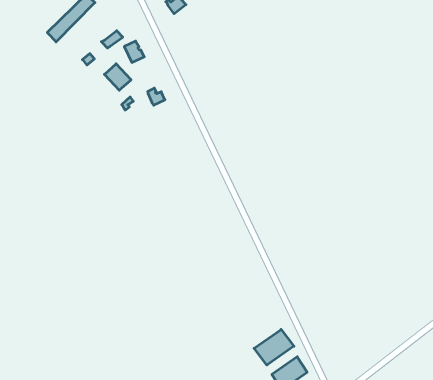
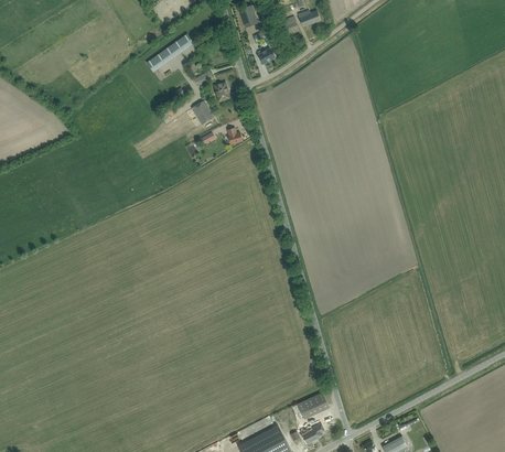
building: [254,329,294,365] -> none

